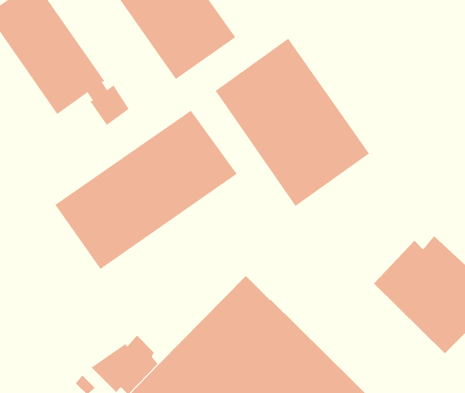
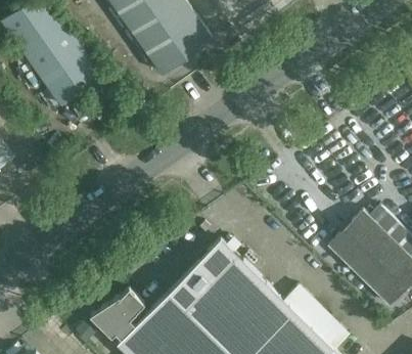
building: [215,38,370,207] -> none
building: [54,110,237,270] -> none

